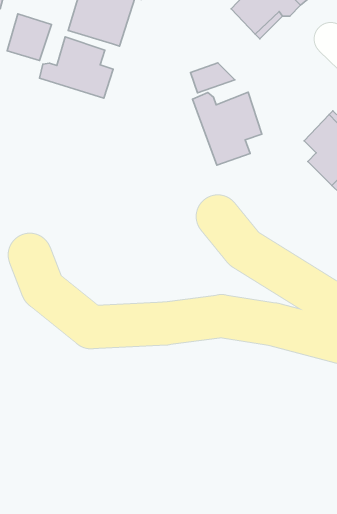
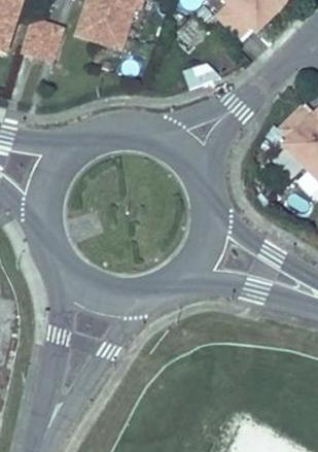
building: [39,37,113,98] -> none
building: [193,92,262,165] -> none

